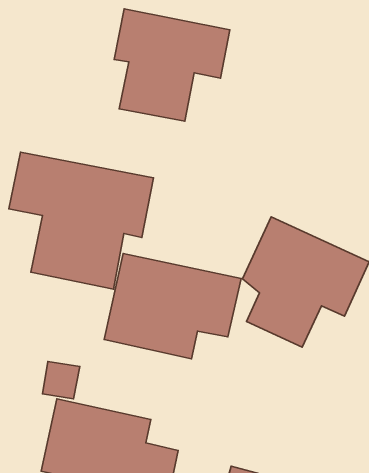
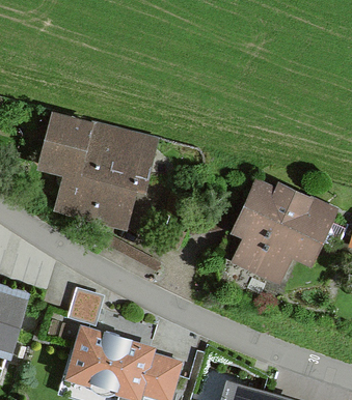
building: [114,9,230,121] -> none
building: [104,254,241,359] -> none

